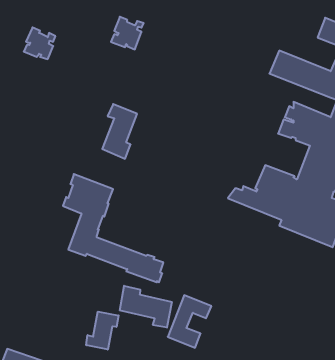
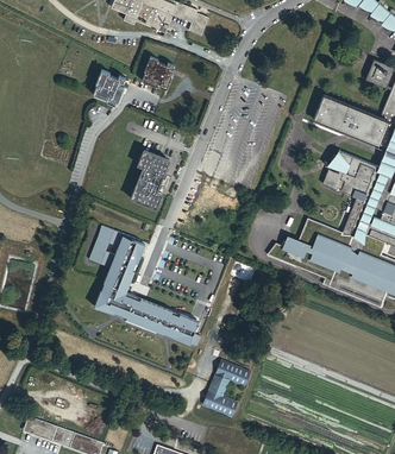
building: [24,27,55,59] -> [90,71,125,106]
building: [120,286,172,328] -> none
building: [86,312,119,350] -> none

